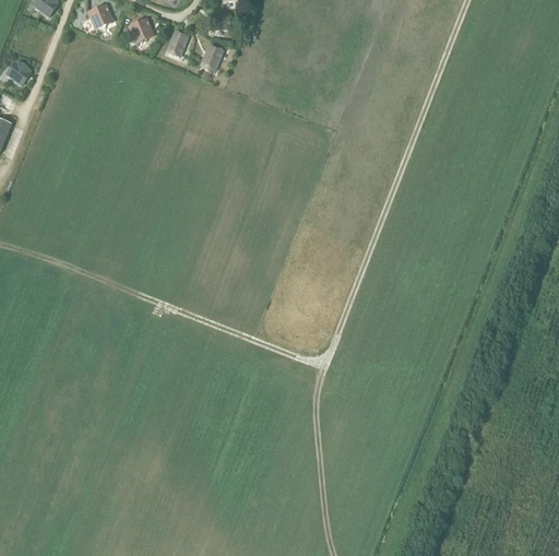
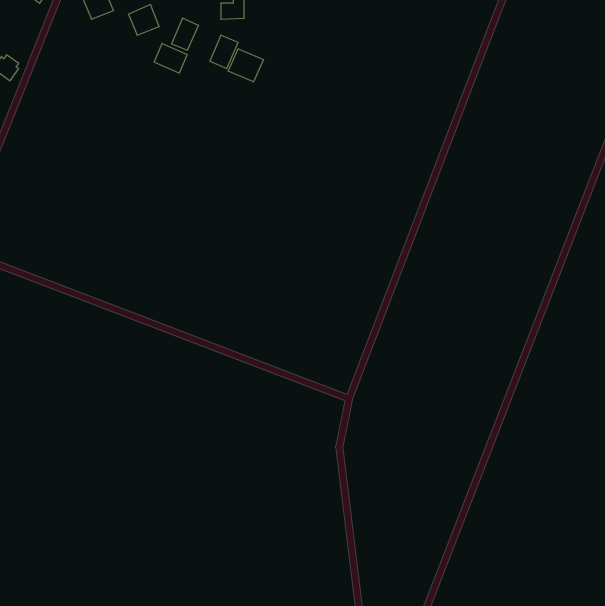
building: none -> [154,43,187,73]
building: none -> [228,49,264,82]

